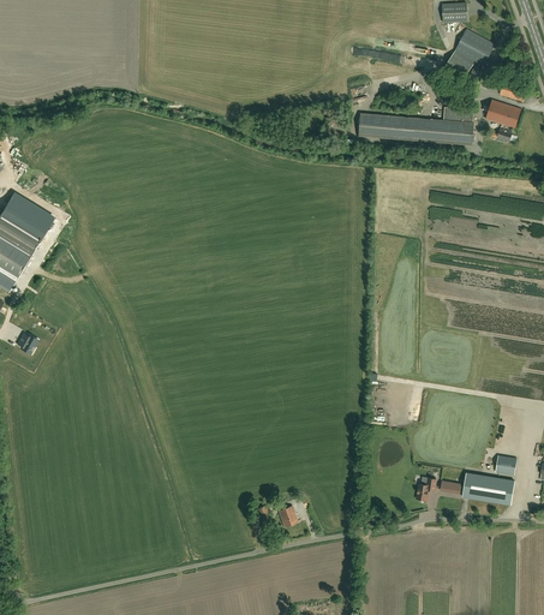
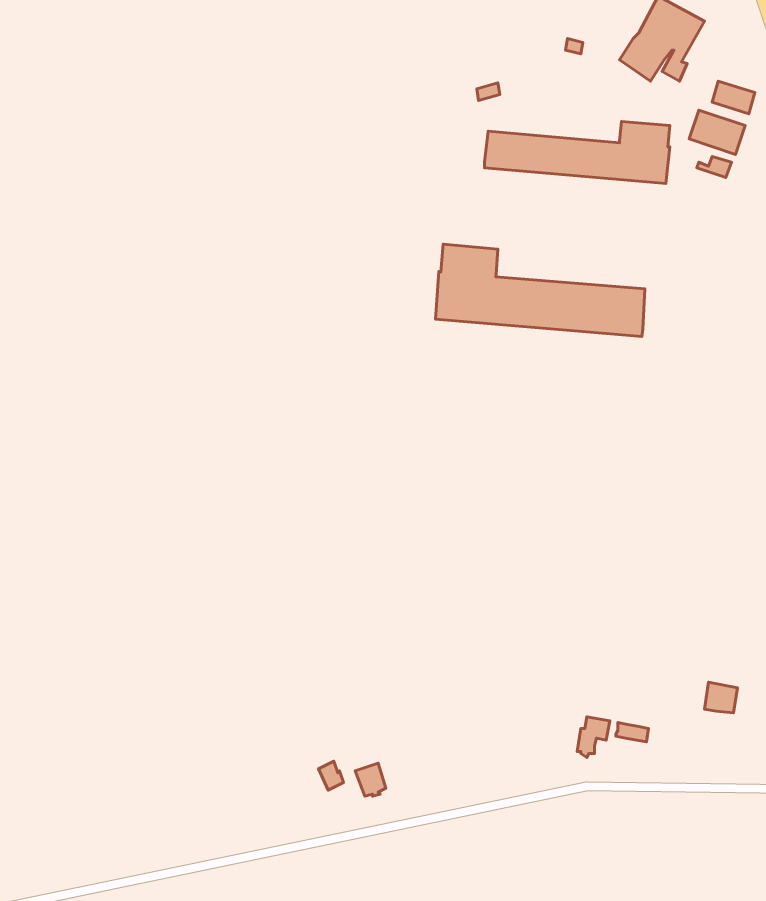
building: none -> [436,244,645,337]
building: [462,473,514,504] -> none

